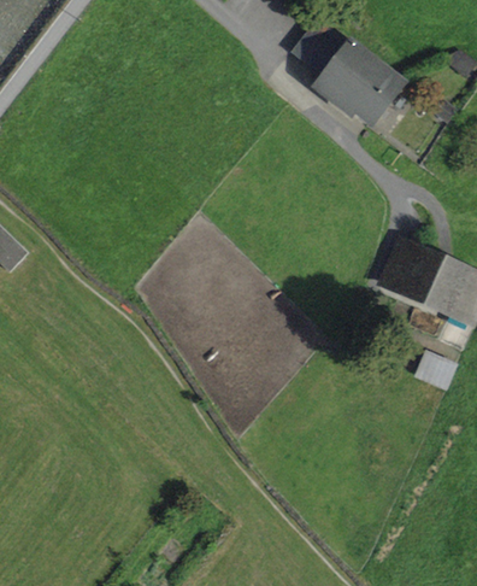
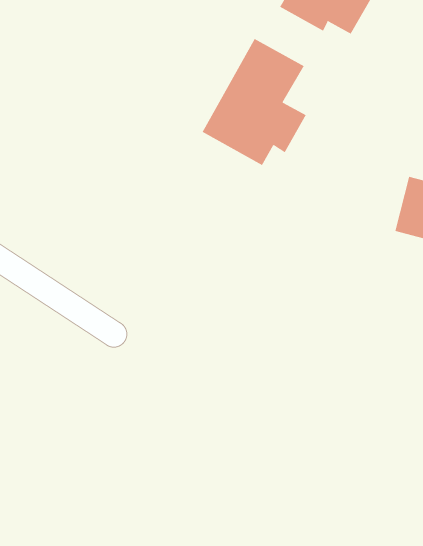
building: none -> [202,38,307,166]

